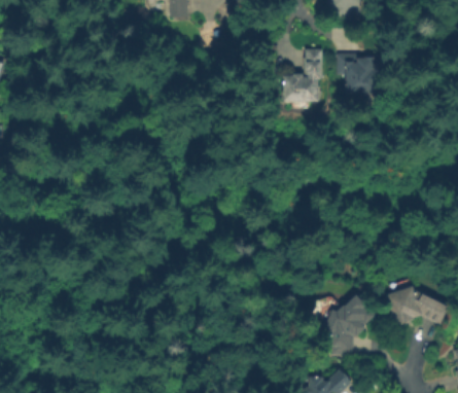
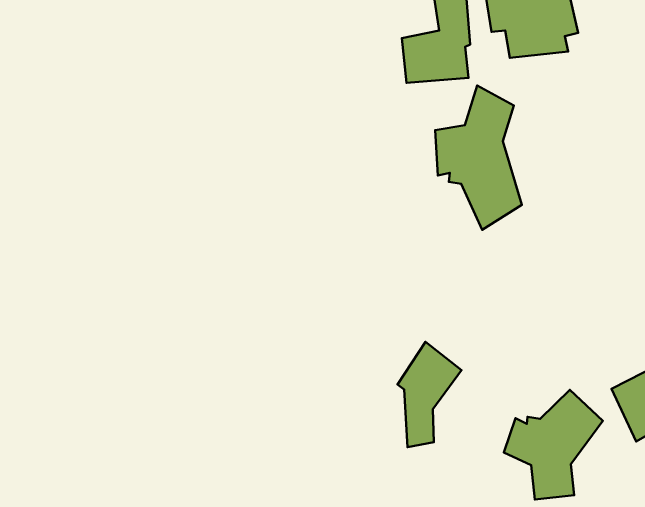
building: none -> [435,86,522,230]
building: none -> [397,342,461,447]

